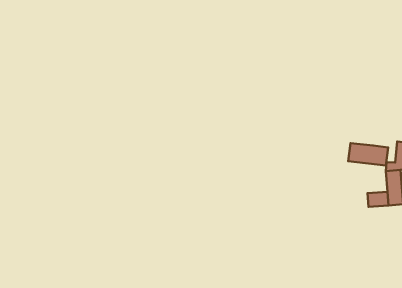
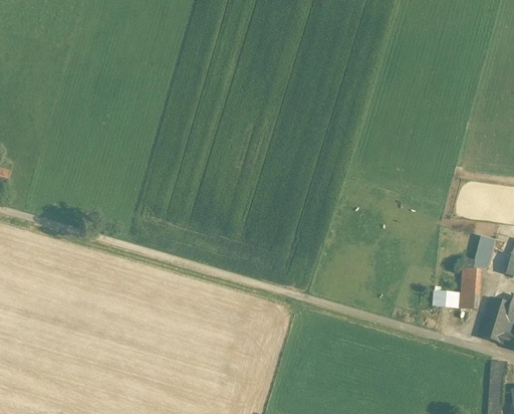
building: [348,143,388,166] -> none

